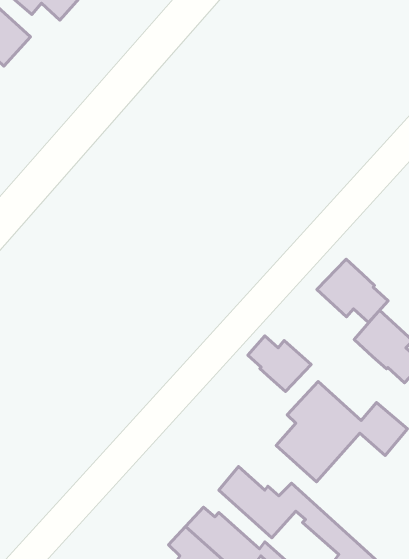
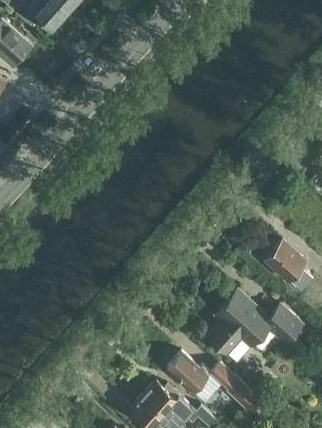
building: [317,259,388,322] -> none
building: [248,336,311,392] -> none

